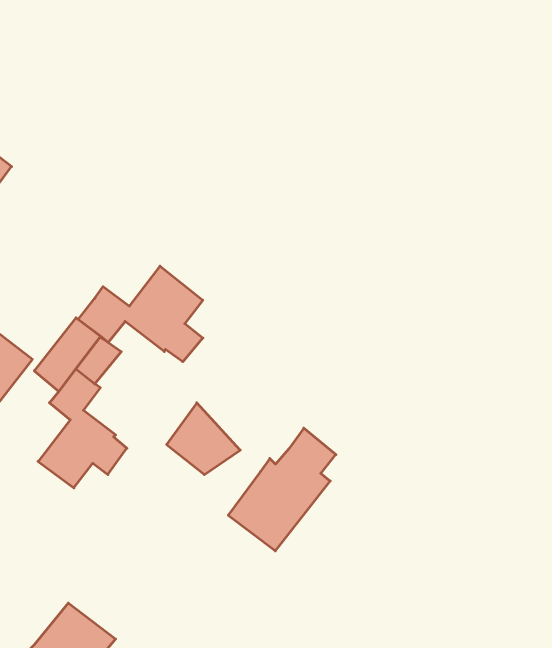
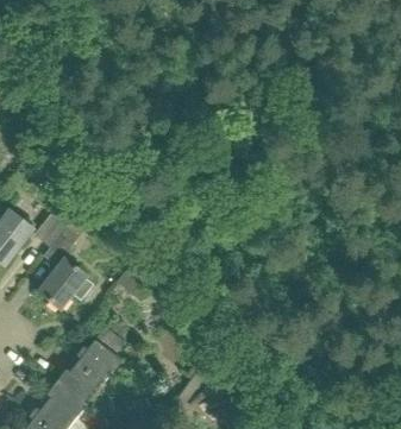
building: [78,266,203,362] -> none
building: [228,428,336,551] -> [56,327,124,404]

